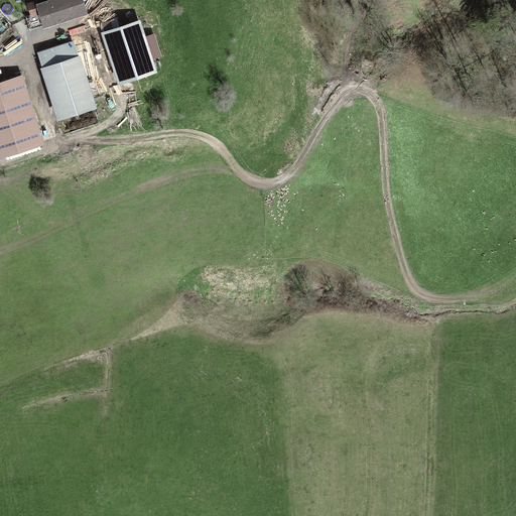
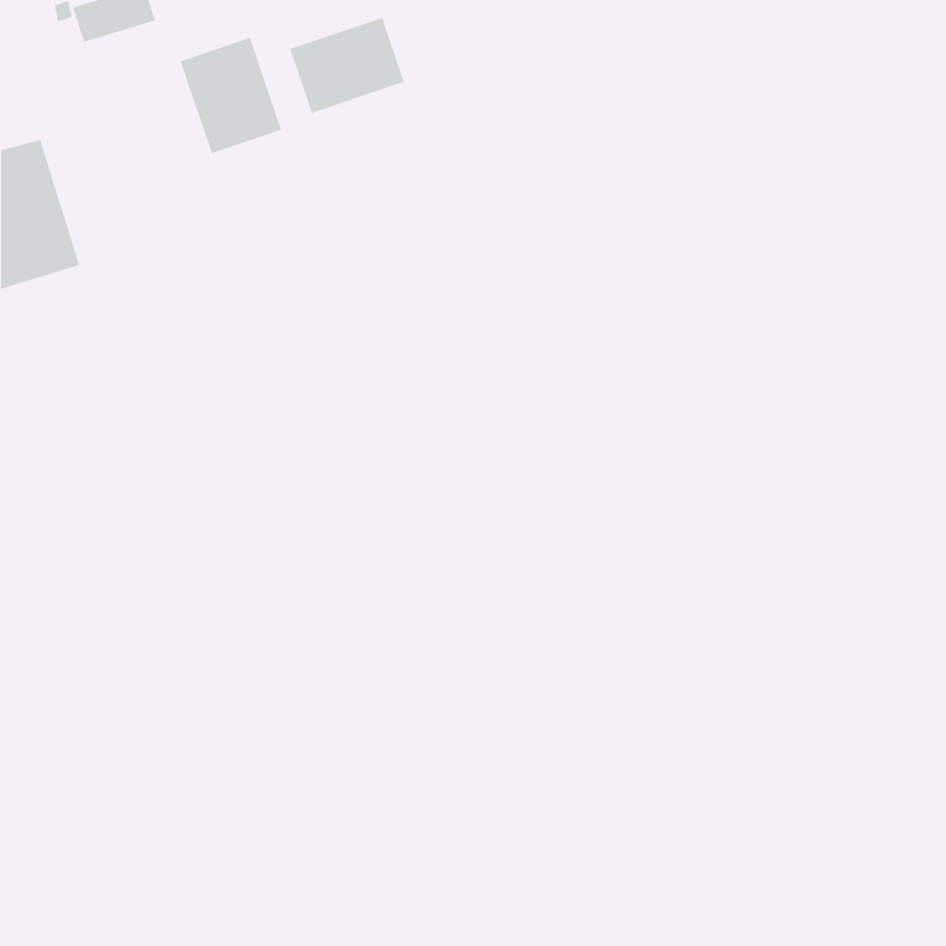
building: none -> [290,17,405,114]
building: [35,40,96,121] -> none

